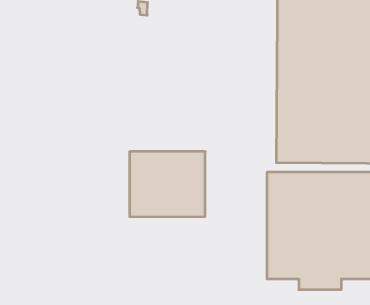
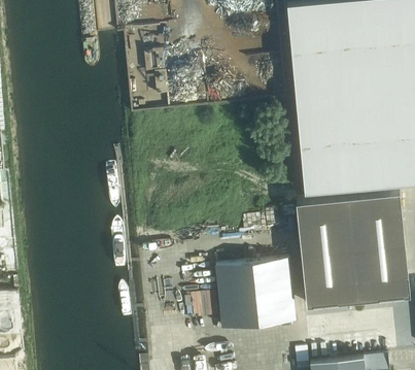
building: [130,152,205,217] -> [216,260,296,330]

